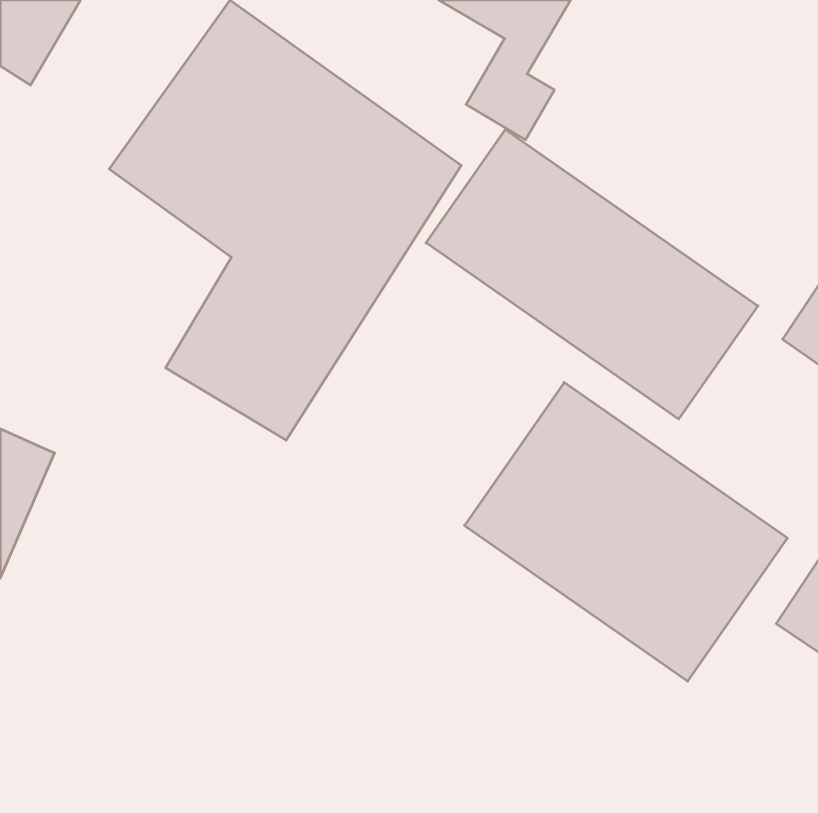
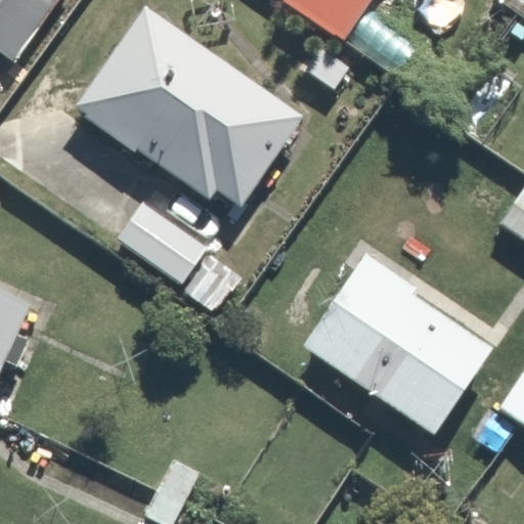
building: [426,130,758,419] -> none

